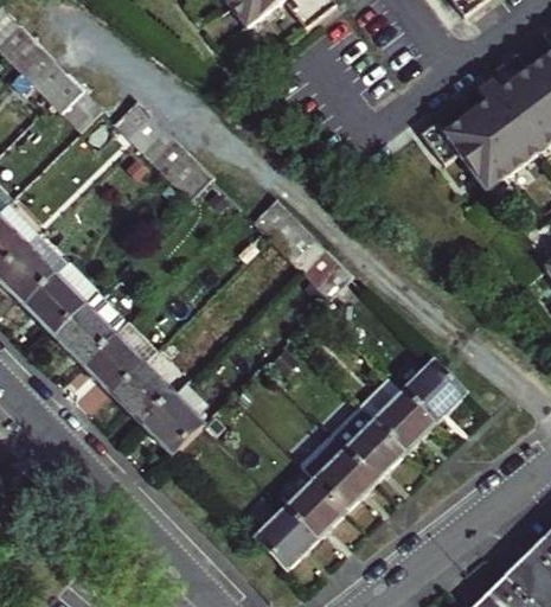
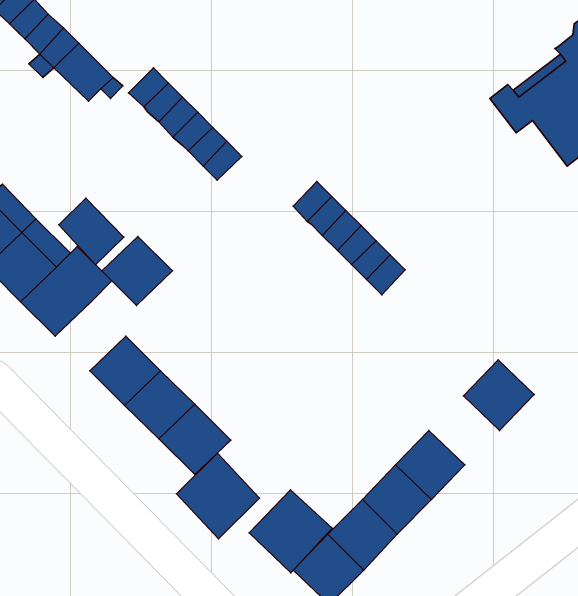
building: none -> [59,198,124,265]
building: [53,305,114,364] -> [102,236,172,306]
building: [357,369,434,445] -> none
building: none -> [177,453,259,539]
building: none -> [249,490,332,573]

